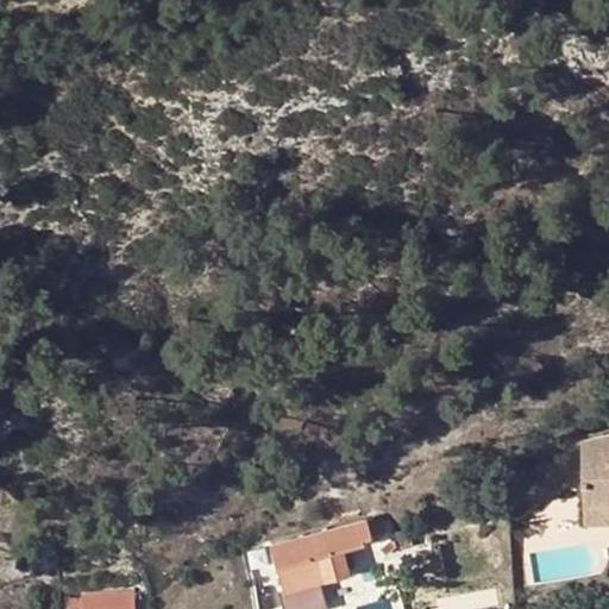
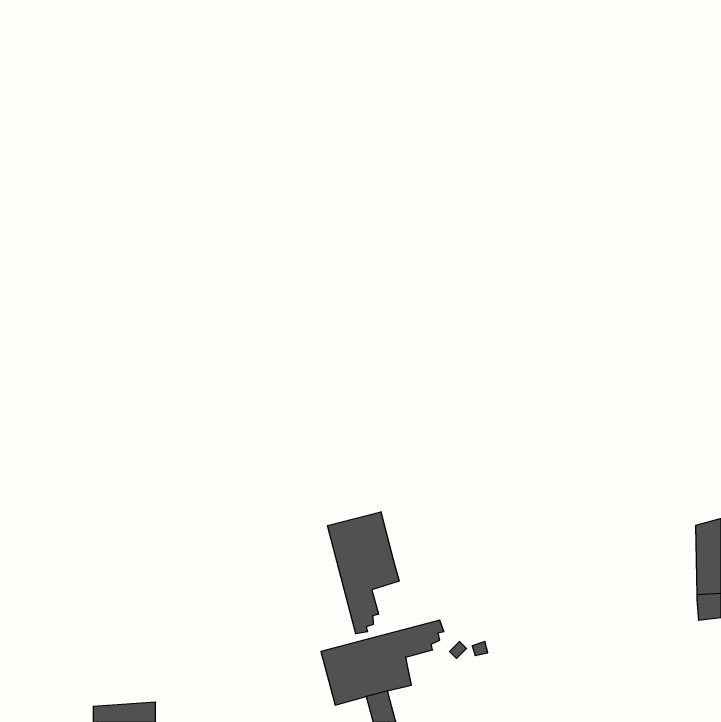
building: none -> [327,512,399,634]

